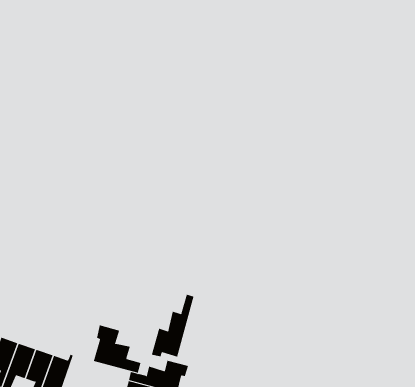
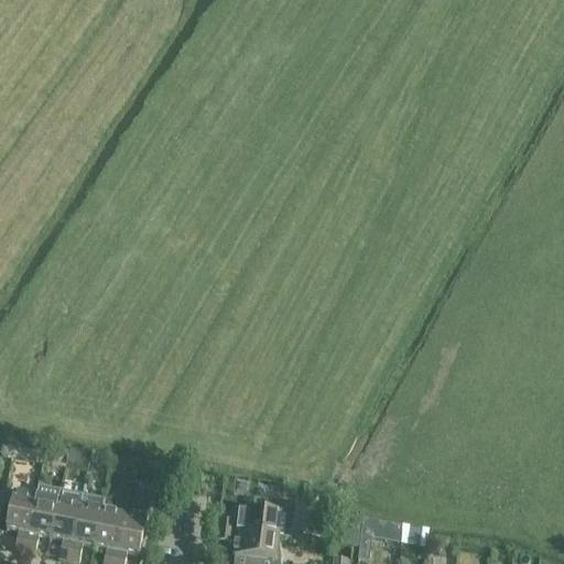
building: [151,294,194,358] -> none
building: [93,325,141,374] -> none

